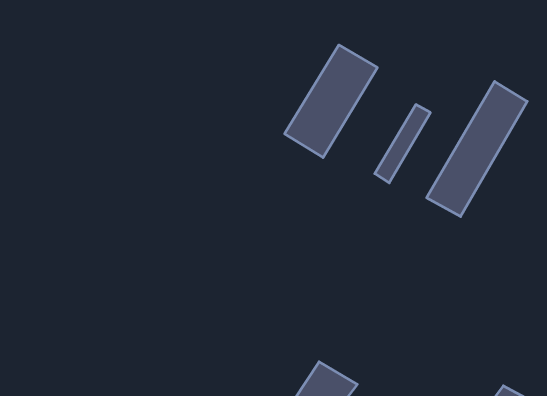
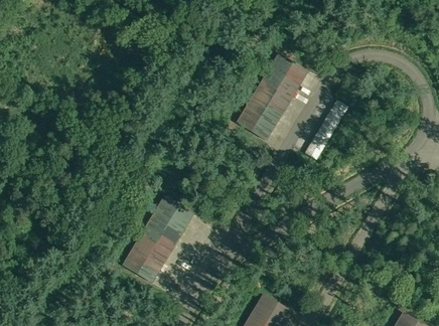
building: [427,81,527,217] -> none
building: none -> [123,196,192,283]

